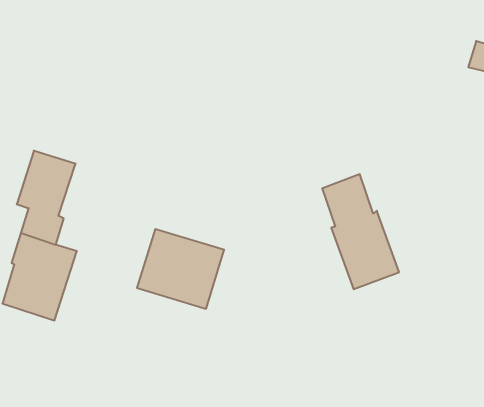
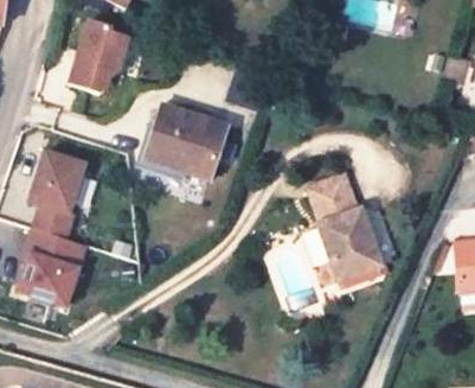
building: none -> [68,21,128,95]
building: [137,229,224,309] -> [145,106,224,178]

